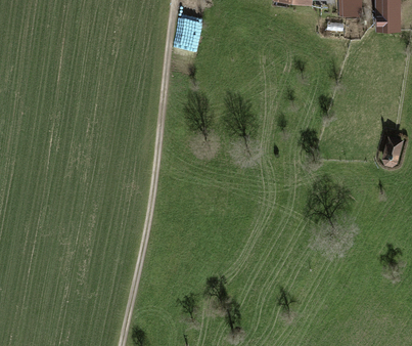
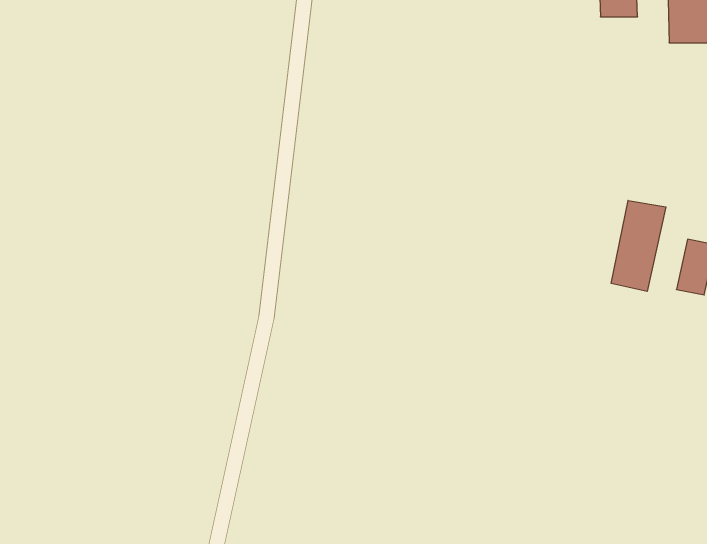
building: none -> [611,200,666,291]

